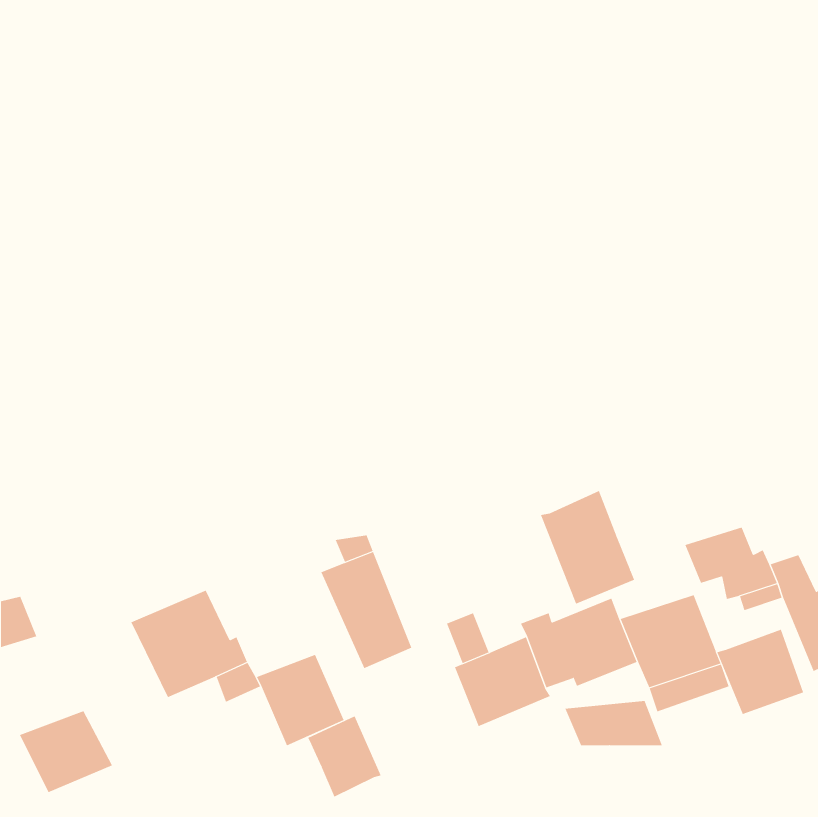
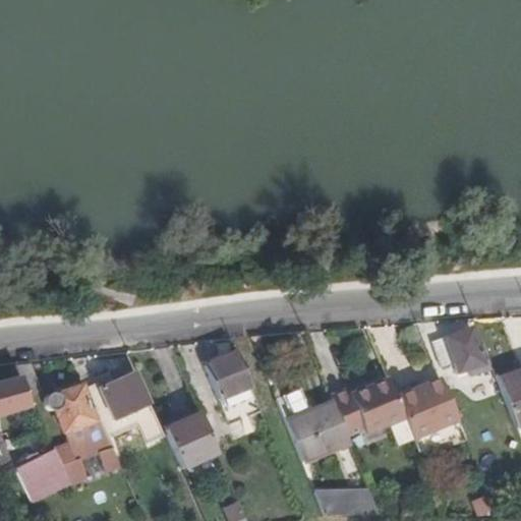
building: [540,490,635,605] -> none
building: none -> [44,385,120,483]
building: [717,629,804,715] -> none
building: [565,701,663,746] -> [317,483,380,512]
building: [308,716,382,798] -> none

